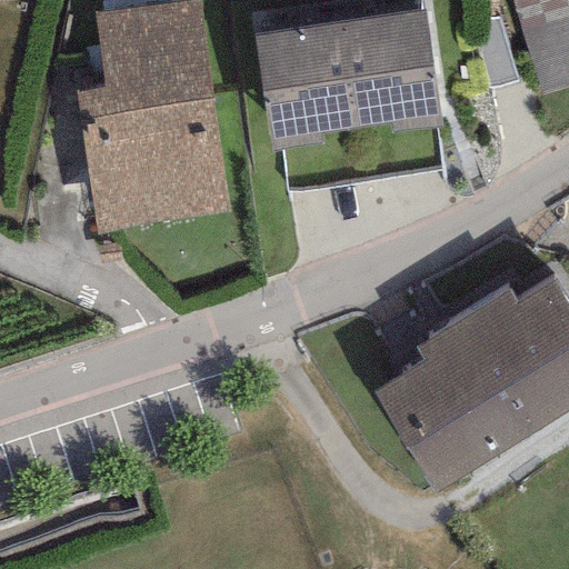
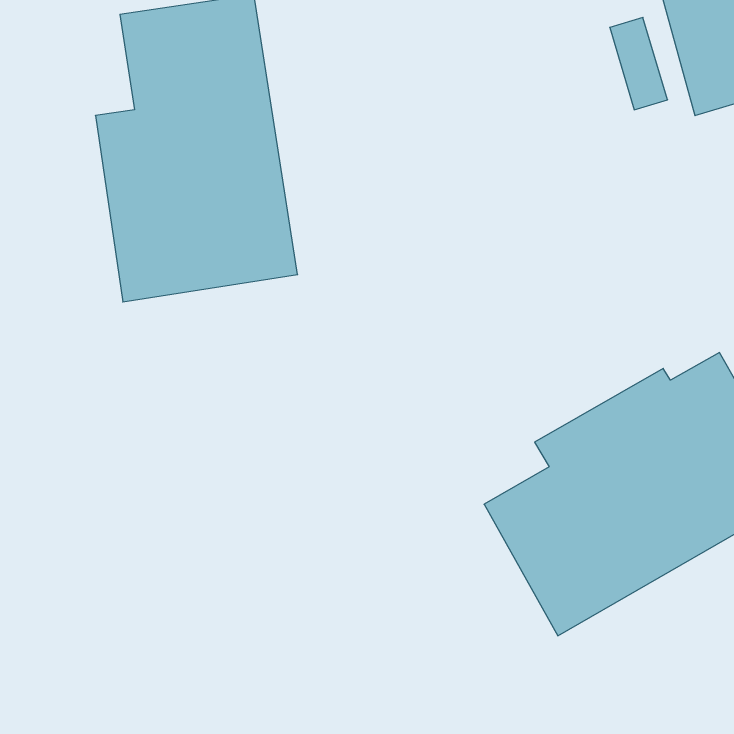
building: [254,4,443,148] -> none

